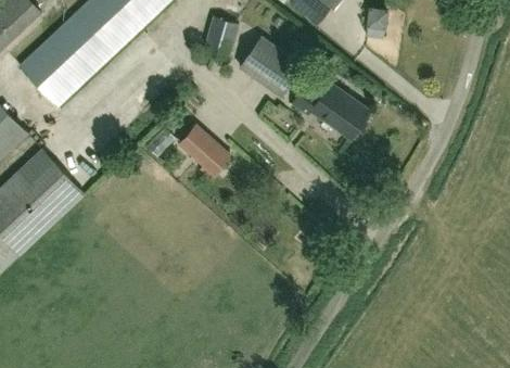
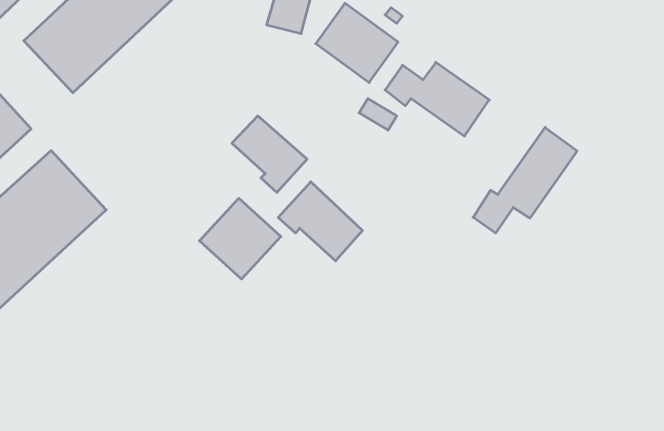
building: none -> [473,127,577,233]
building: none -> [278,182,362,261]
building: none -> [199,198,281,279]

